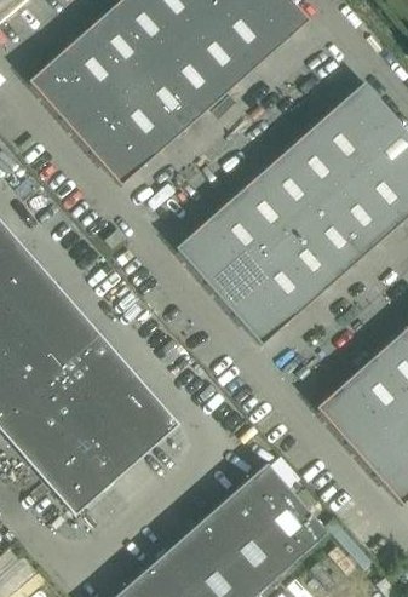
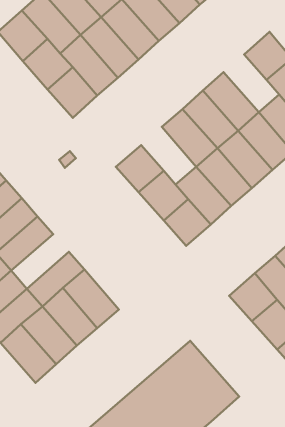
building: [309,108,378,179] -> none
building: [207,197,275,269] -> none
building: [46,331,117,398] -> none

